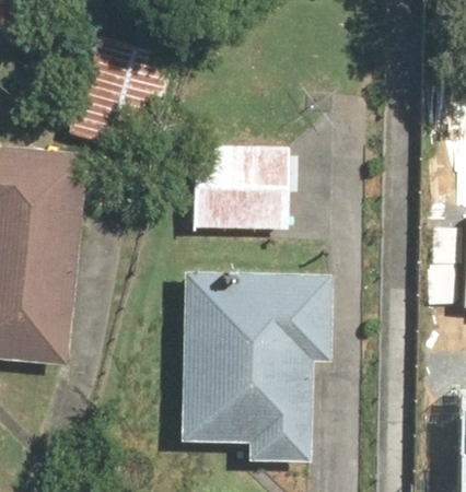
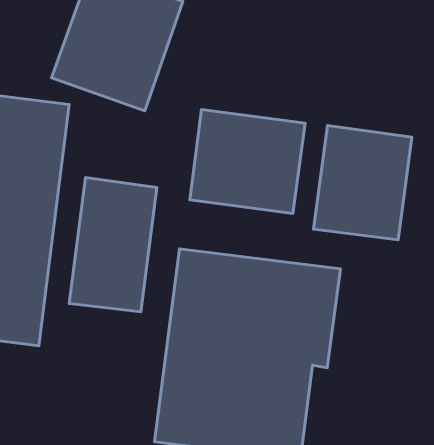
building: none -> [314,126,412,240]
building: none -> [69,177,157,312]

